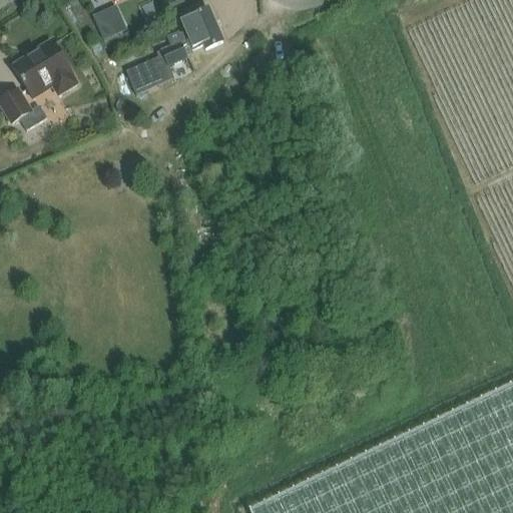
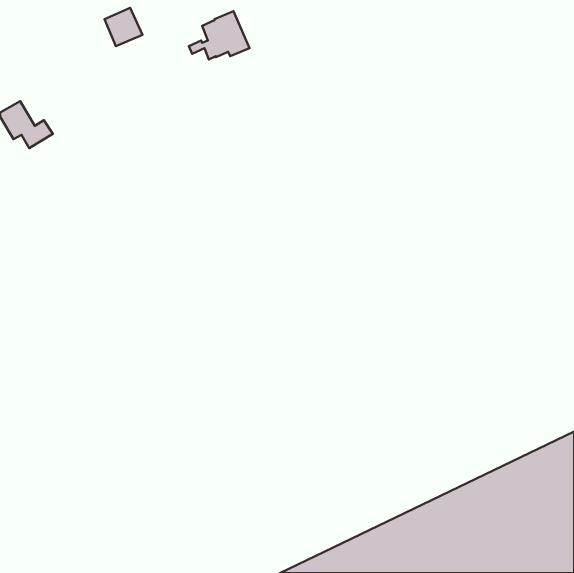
building: [13,43,77,99] -> none
building: [127,43,188,96] -> none

